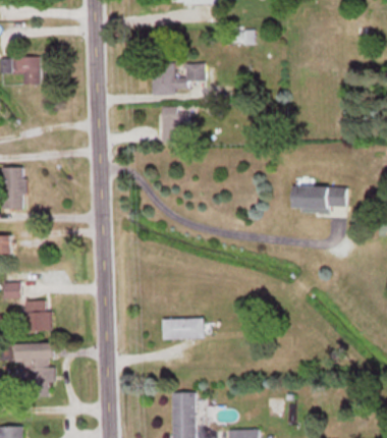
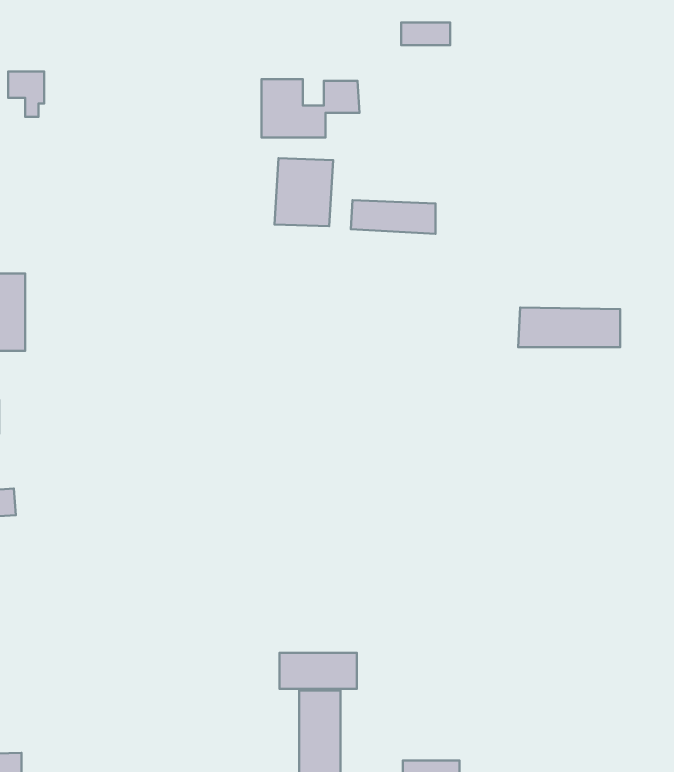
building: none -> [351,200,436,234]
building: [24,302,46,331] -> none
building: [162,319,204,338] -> [279,653,357,689]
building: [15,342,54,385] -> none

